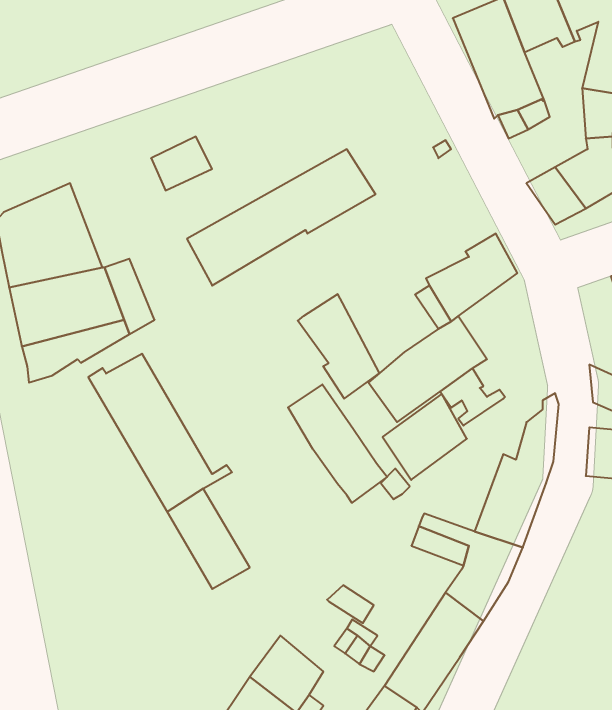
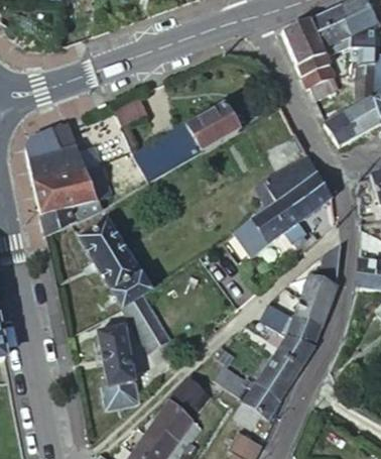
building: [298,294,379,399] -> none
building: [288,384,387,503] -> none
building: [383,394,467,480] -> [285,173,333,221]
building: none -> [96,329,137,410]

